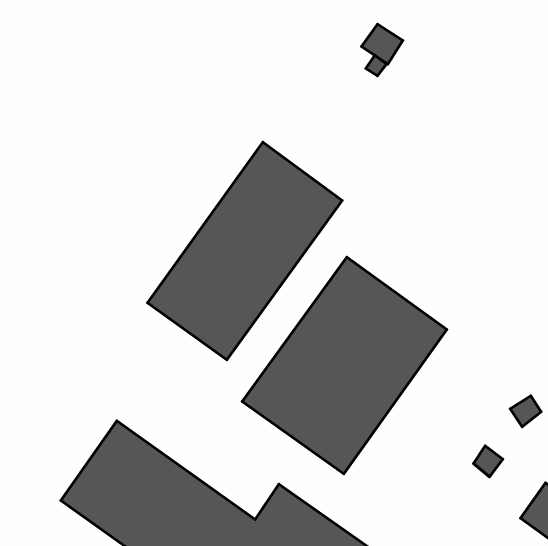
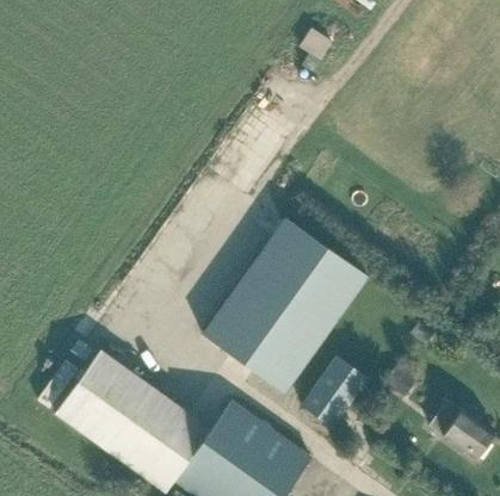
building: [148,142,342,360] -> none
building: none -> [298,354,370,429]

